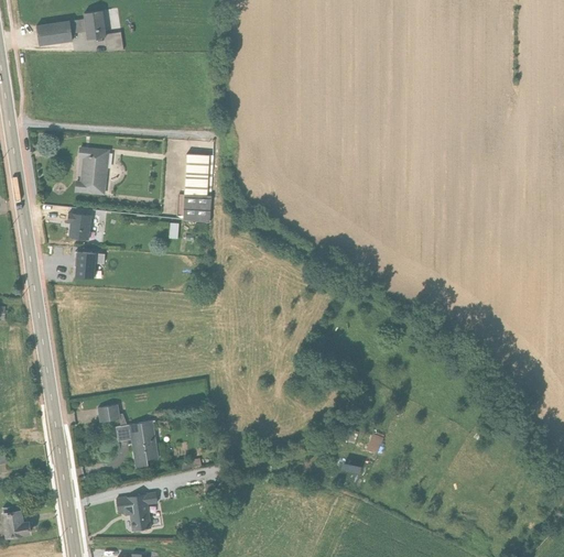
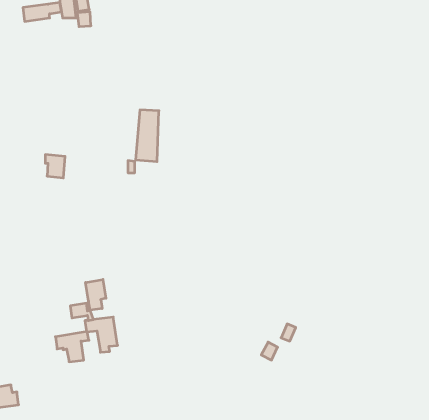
building: [74,148,110,195] -> none
building: [74,253,105,280] -> none
building: none -> [86,279,106,310]
building: [116,492,159,531] -> [55,332,89,362]

